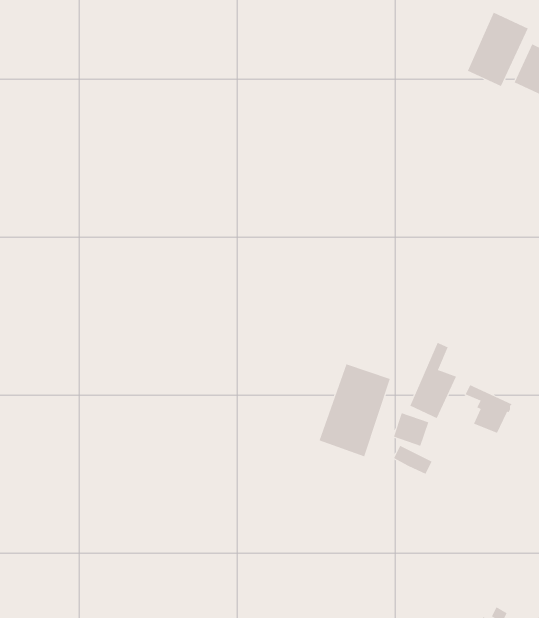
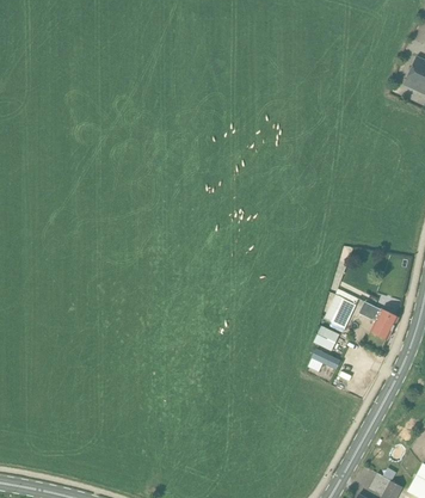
building: [467,12,529,87] -> none
building: [319,363,391,457] -> none

